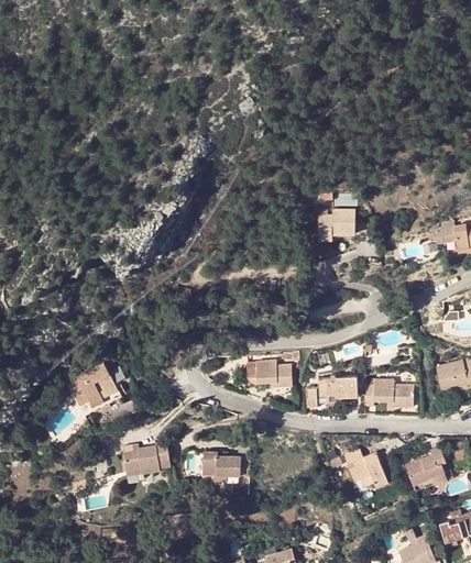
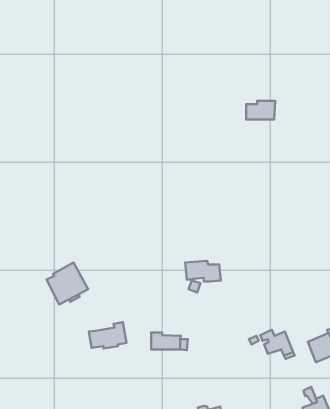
building: [318,210,355,234] -> [246,101,275,119]
building: [306,376,358,407] -> none
building: [363,380,413,408] -> none

